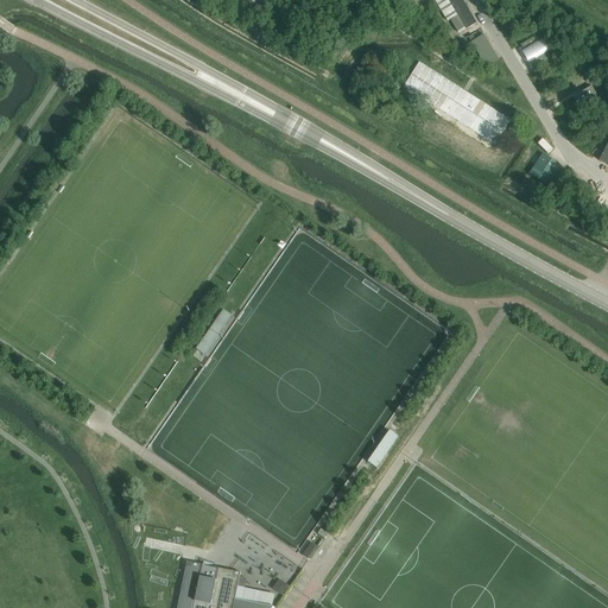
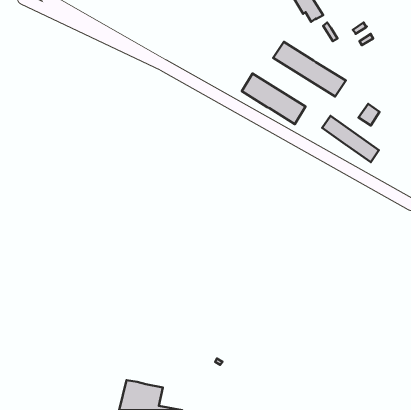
building: none -> [242,74,305,124]
building: none -> [322,116,379,162]

